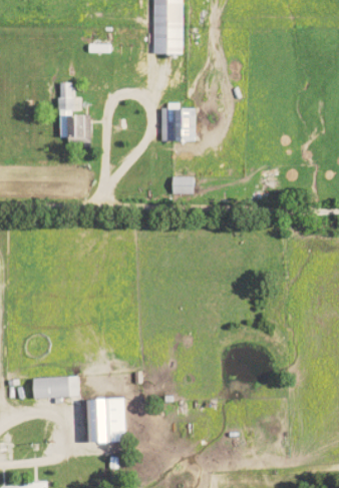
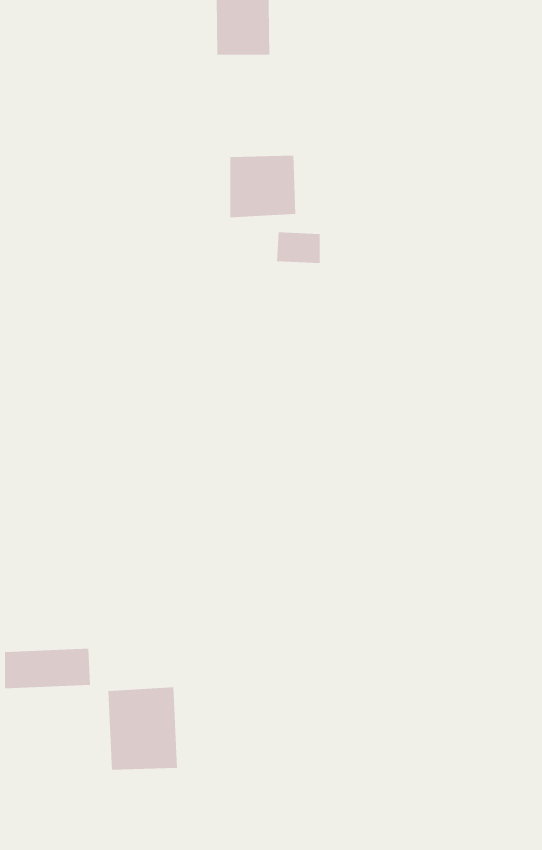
building: [55,83,86,139] -> none
building: [167,177,192,194] -> [276,232,320,263]

